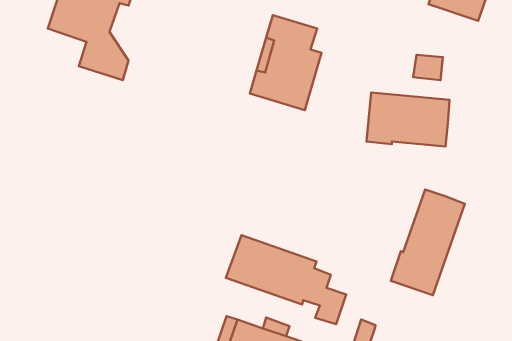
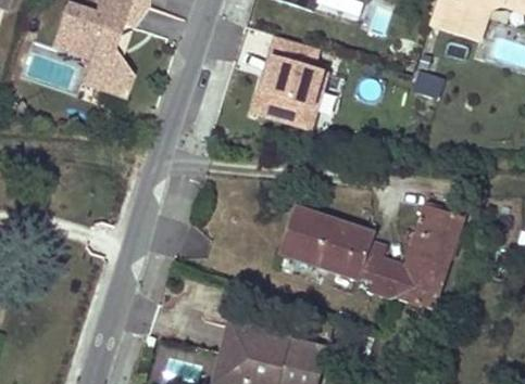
building: [366,92,450,147] -> none
building: [226,235,346,324] -> [283,207,401,295]

